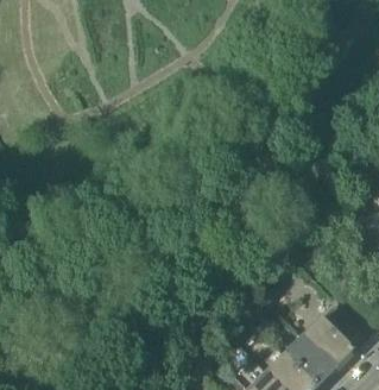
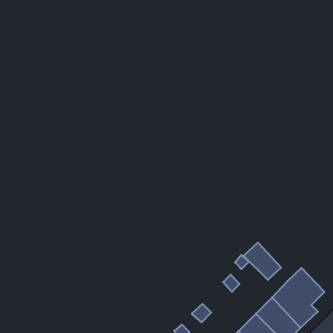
building: none -> [244,243,281,280]

